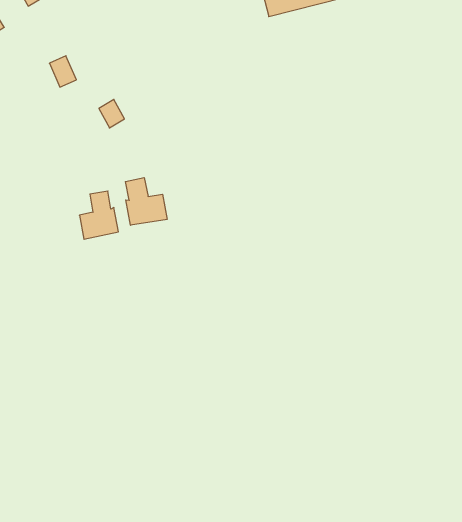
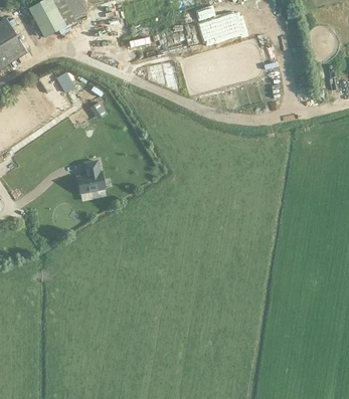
building: [125,178,167,225] -> none

